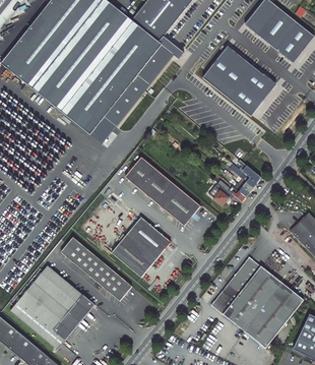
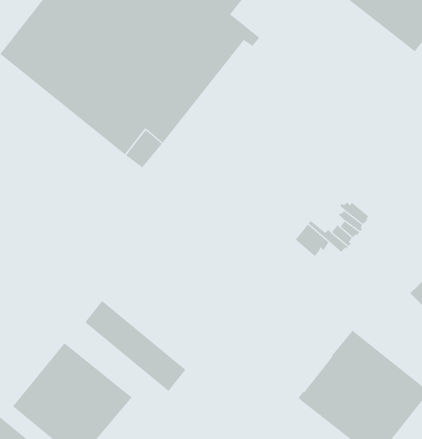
building: [203,46,275,115] -> none
building: [126,156,201,225] -> none
building: [112,217,171,277] -> none

